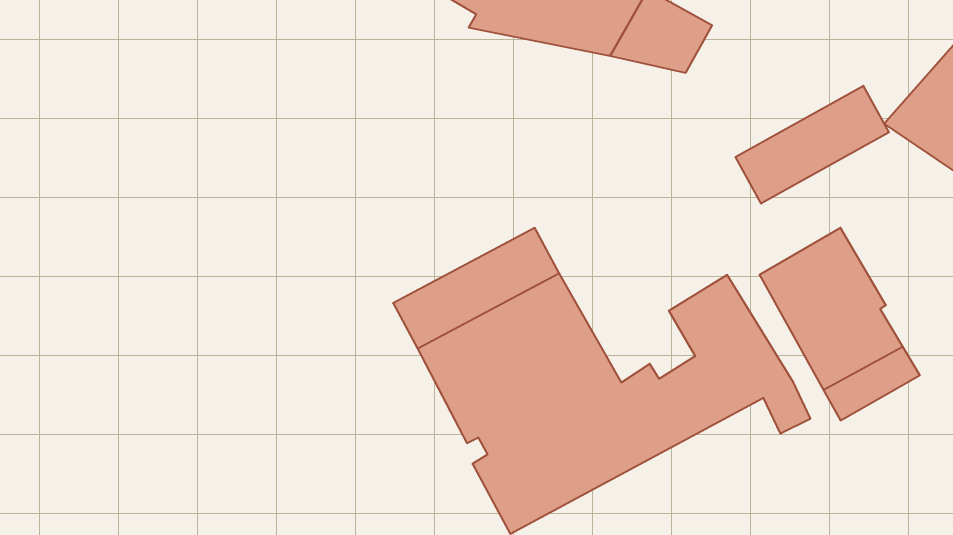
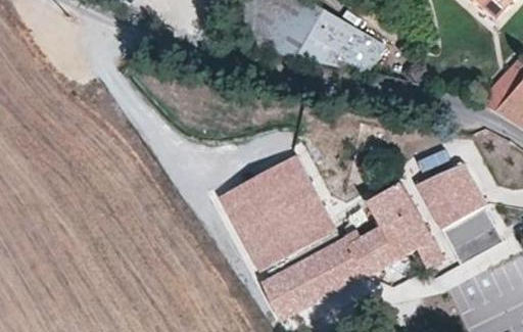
building: [736,86,889,204] -> none

